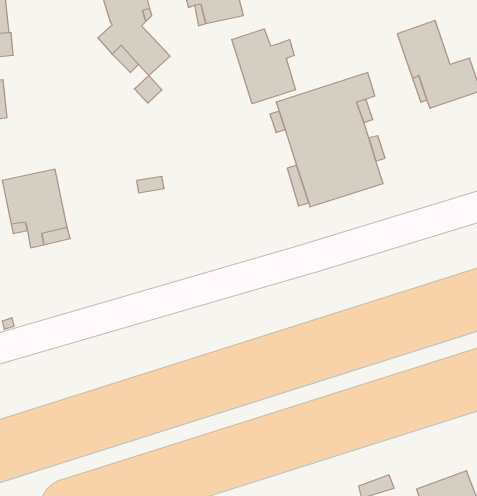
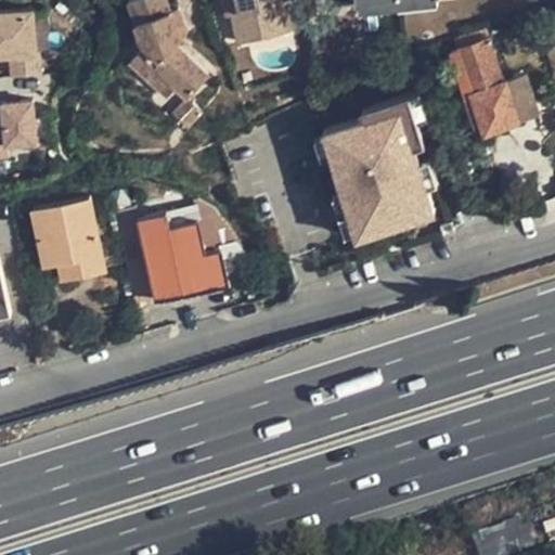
building: [232,29,296,104] -> none
building: none -> [114,210,225,306]

